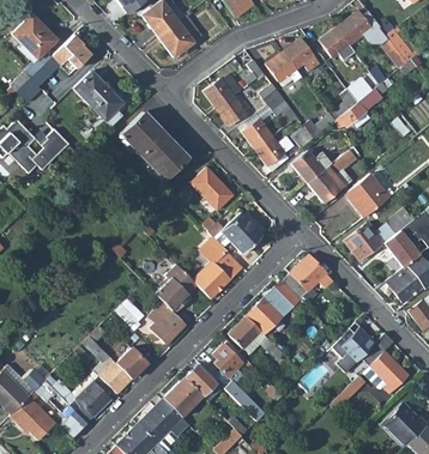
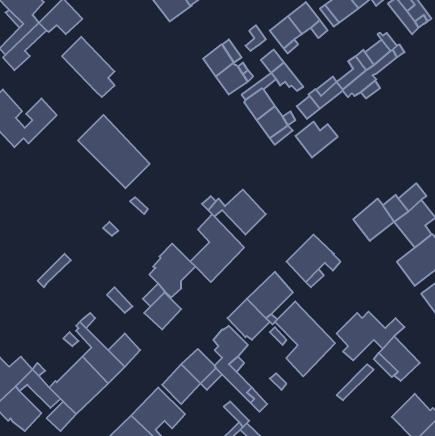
building: [120,111,187,180] -> [78,115,150,188]
building: [307,150,356,202] -> none
building: [192,168,234,210] -> none
building: [344,174,388,219] -> none
building: none -> [275,301,335,376]

